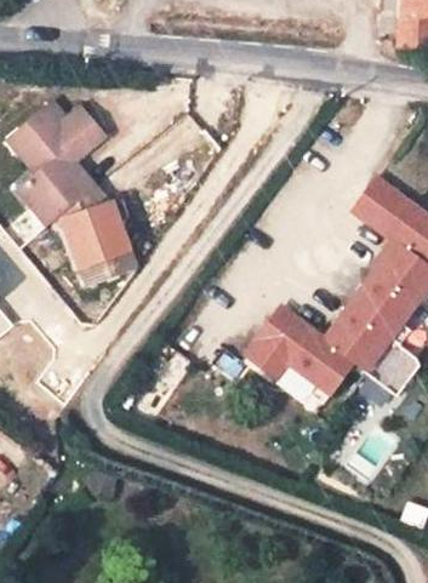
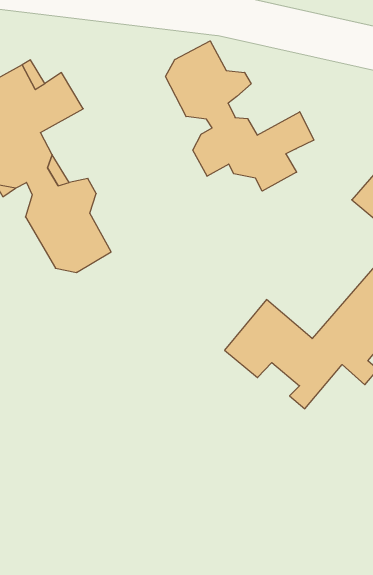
building: none -> [166,41,314,191]

